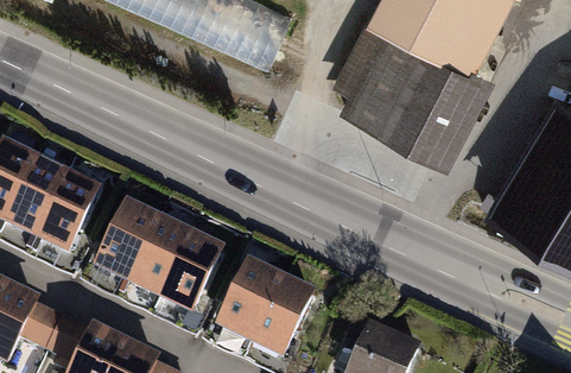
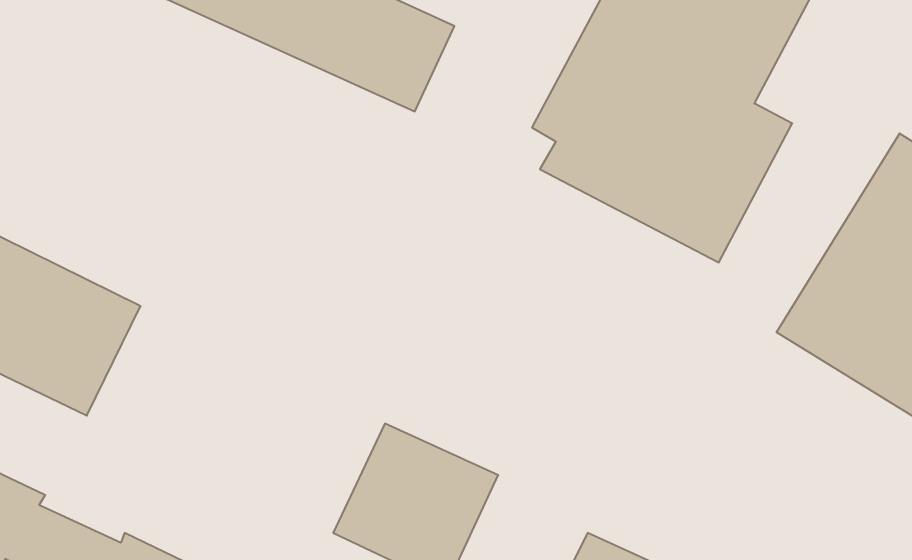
building: [96,200,228,314] -> none

